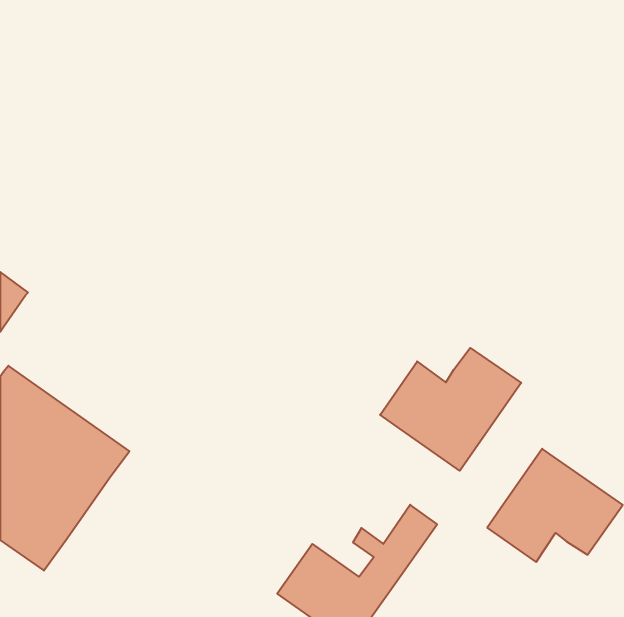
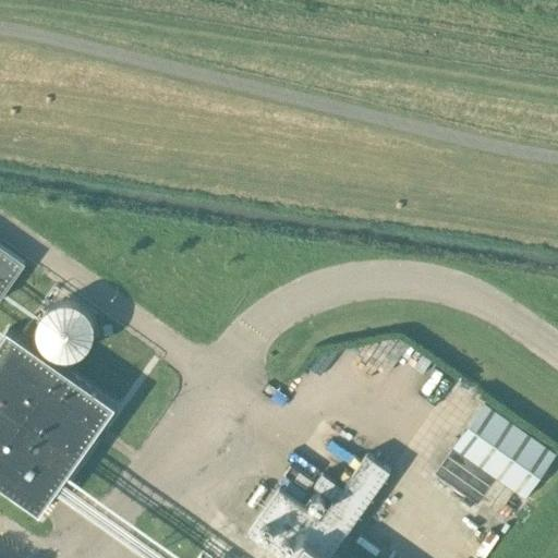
building: none -> [37,303,94,360]
building: [380,348,521,471] -> none

